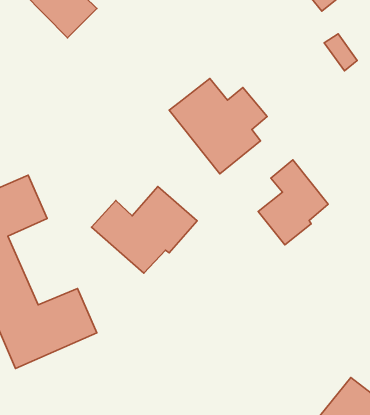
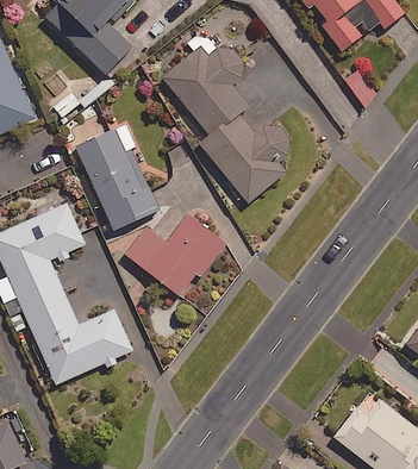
building: none -> [162,46,248,136]
building: none -> [75,124,157,230]
building: [258,160,328,245] -> none

